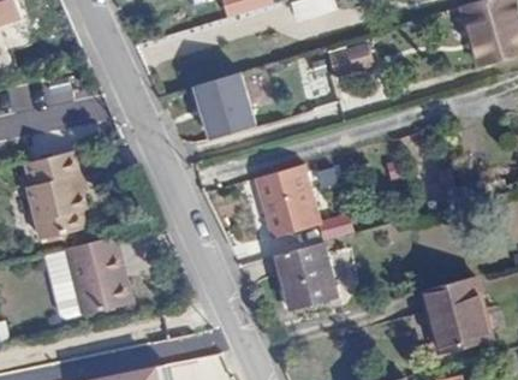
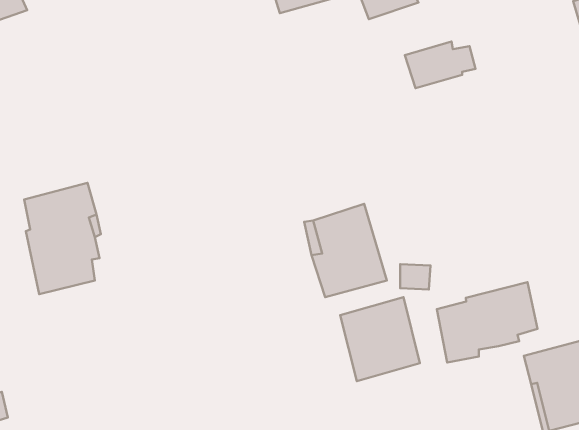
building: [192,67,257,137] -> none
building: none -> [437,282,537,362]
building: [46,239,123,320] -> none

